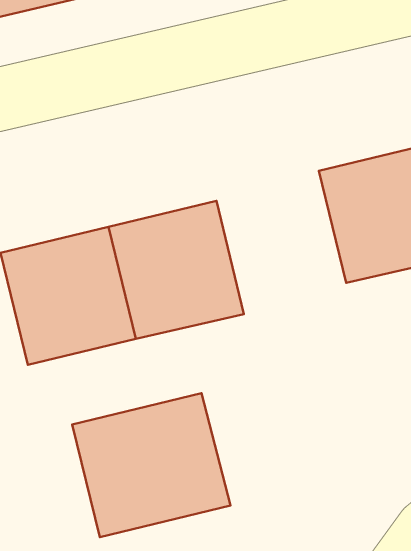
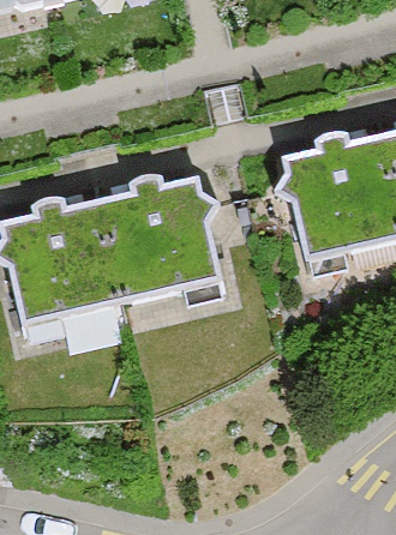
building: [72,393,231,537] -> none

